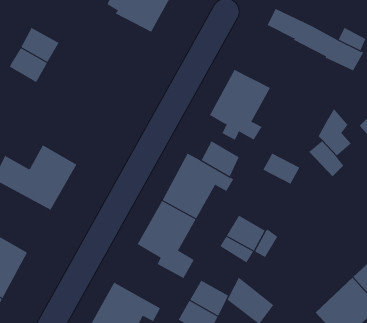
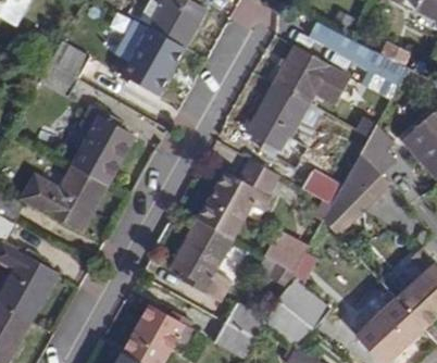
building: none -> [107,17,186,95]
building: none -> [272,47,349,103]
building: none -> [73,103,135,183]
building: none -> [322,170,374,233]
building: none -> [276,278,330,328]

